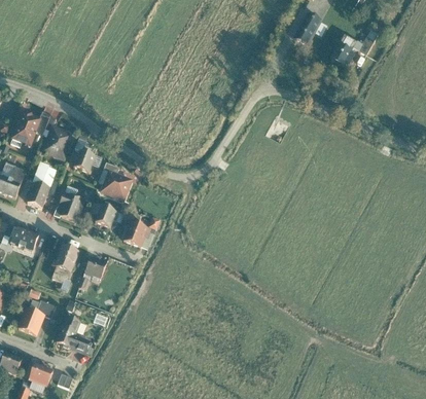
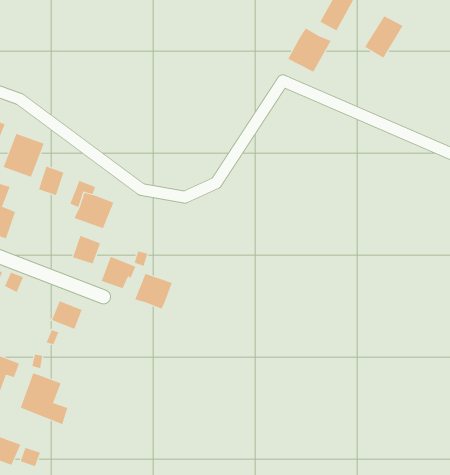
building: none -> [288,27,332,72]
building: [59,193,83,219] -> none
building: none -> [134,273,172,309]
building: [55,245,82,282] -> none

